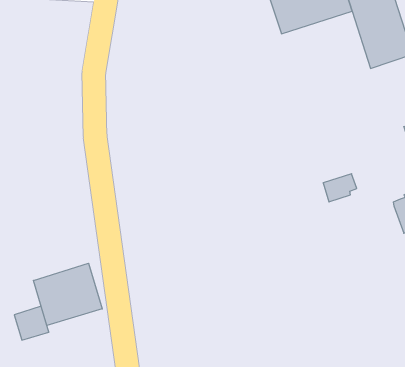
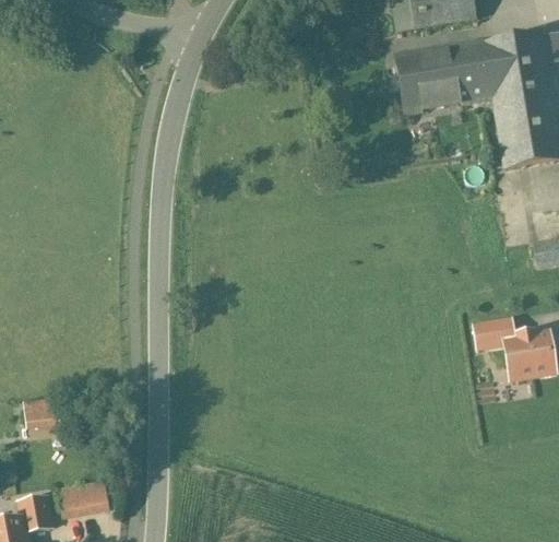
building: [323,174,357,202] -> [474,317,513,346]
building: [33,263,102,325] -> none

